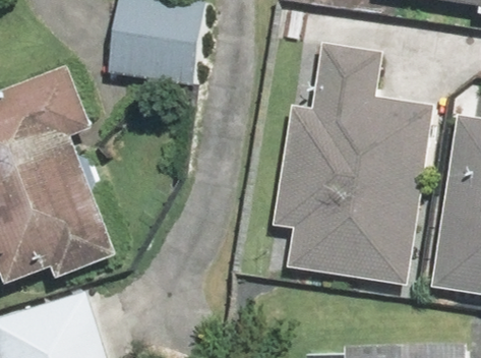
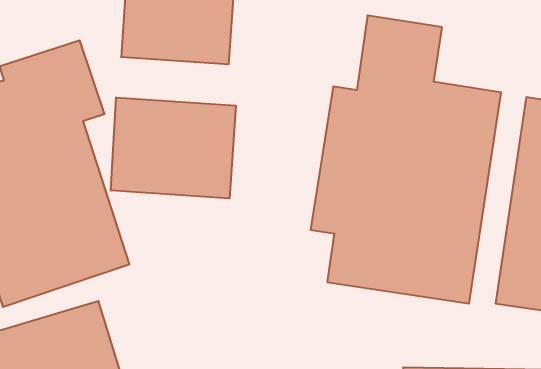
building: none -> [111,97,236,198]

